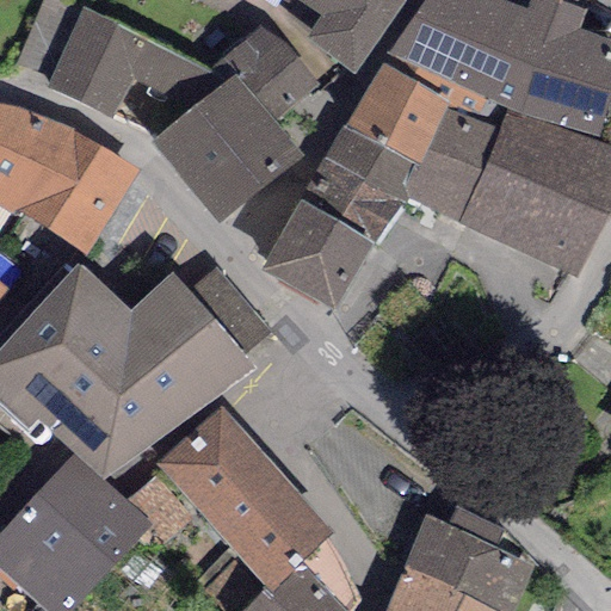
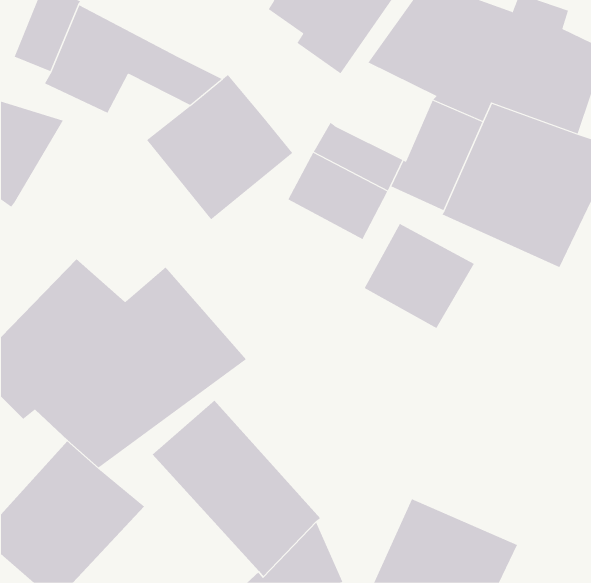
building: [220,24,319,121] -> none
building: [347,64,450,166] -> none
building: [17,124,137,251] -> none
building: [260,205,375,314] -> [364,223,475,329]

